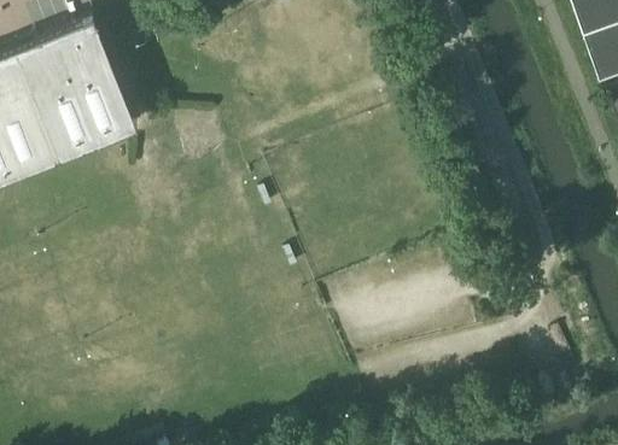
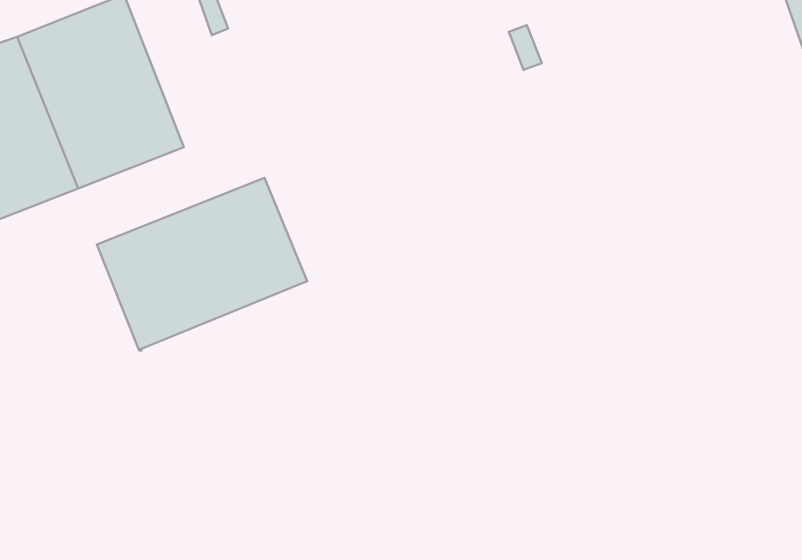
building: none -> [97,178,307,350]

